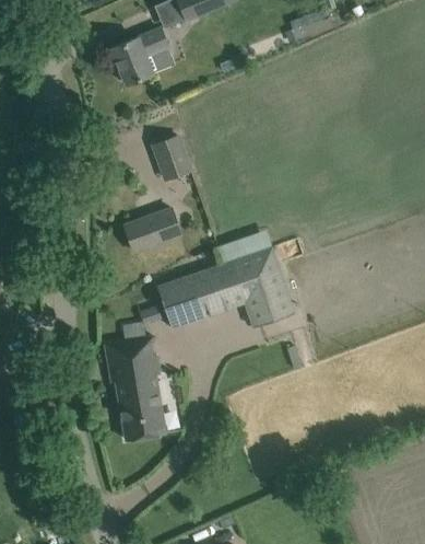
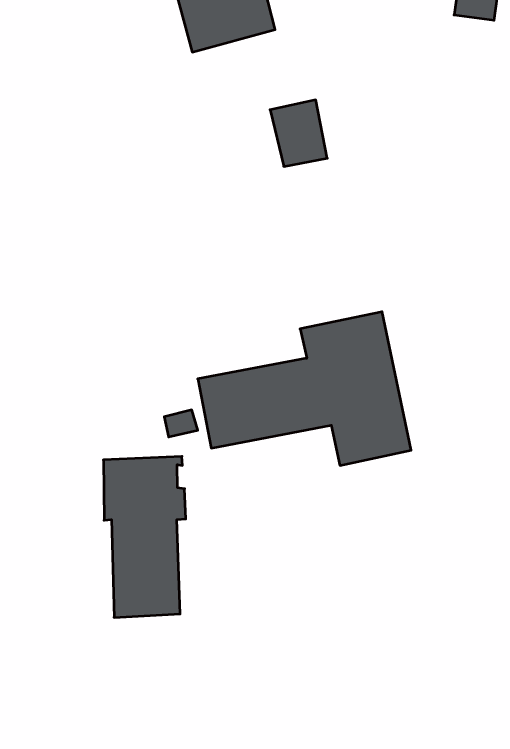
building: [152,135,191,178] -> [270,100,327,166]
building: [123,208,179,252] -> none

